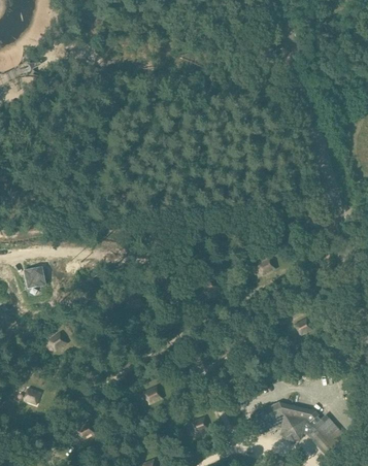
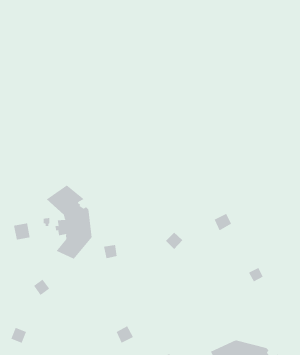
building: none -> [46,185,92,259]

